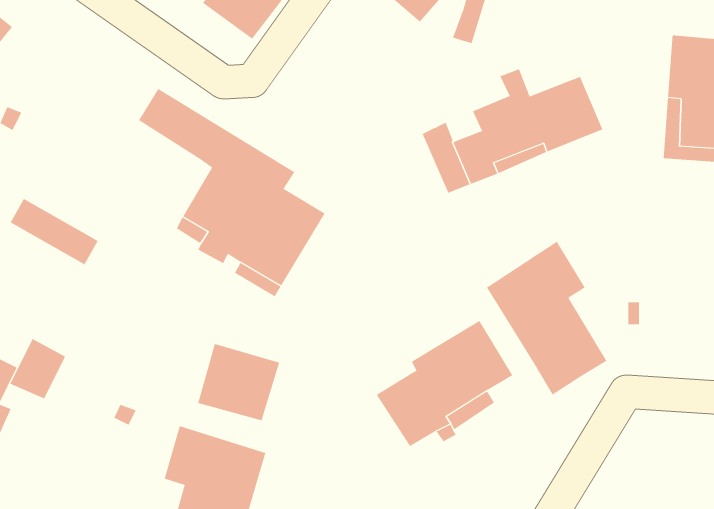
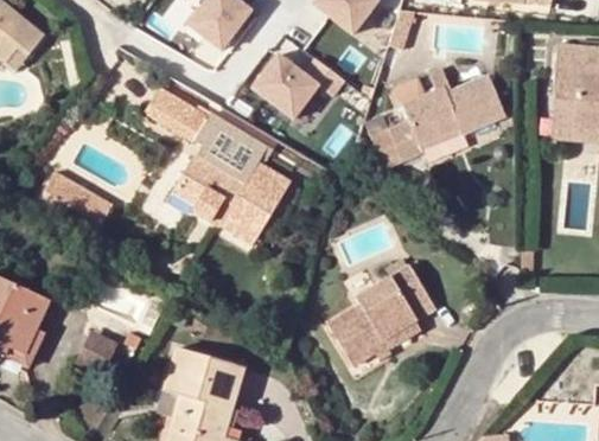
building: none -> [255,45,344,121]
building: [486,241,607,395] -> none
building: [9,338,66,399] -> [72,326,116,373]
building: [197,343,280,421] -> none

